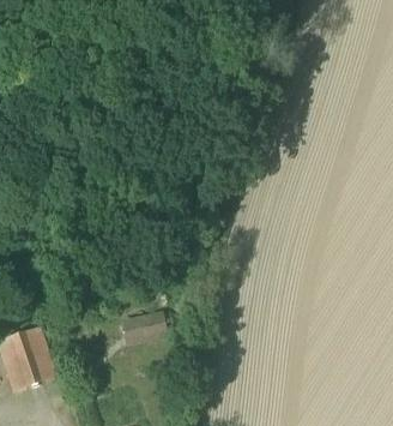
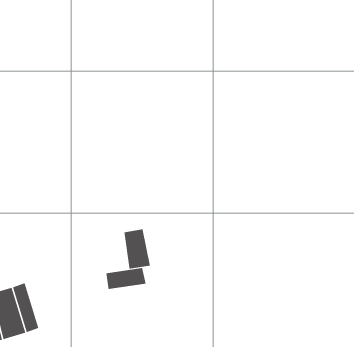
building: none -> [124,229,150,269]

